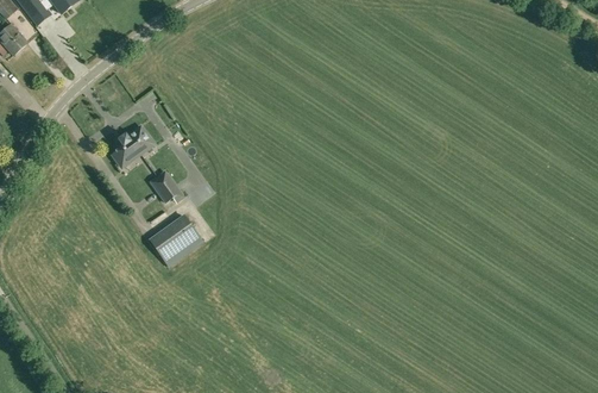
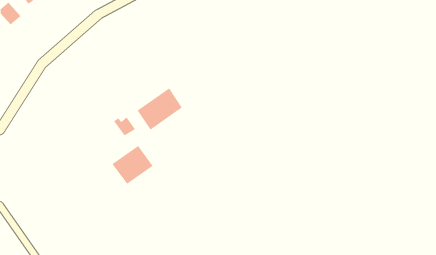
building: [112,125,155,167] -> none
building: none -> [137,87,183,131]

